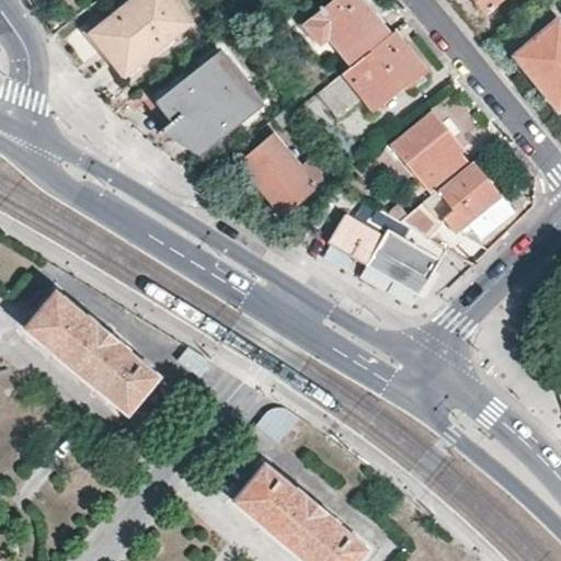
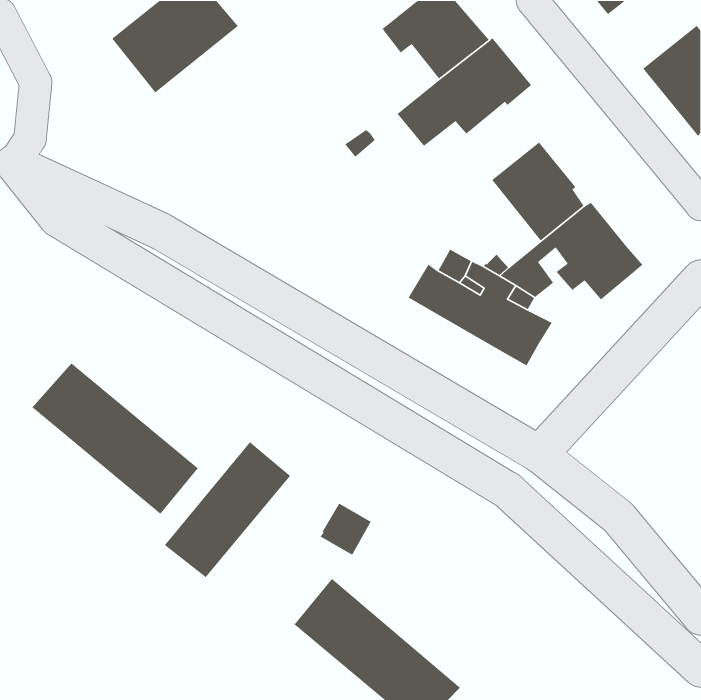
building: [157,53,259,151] -> none
building: [236,134,327,211] -> none
building: none -> [164,441,291,578]

